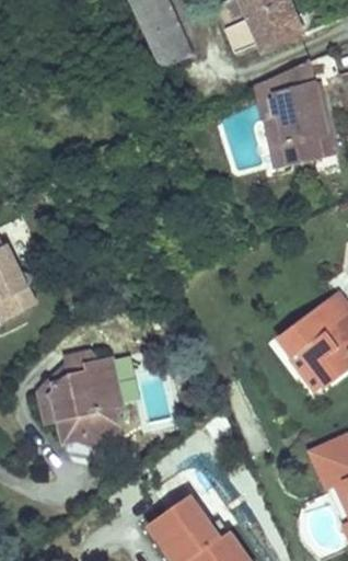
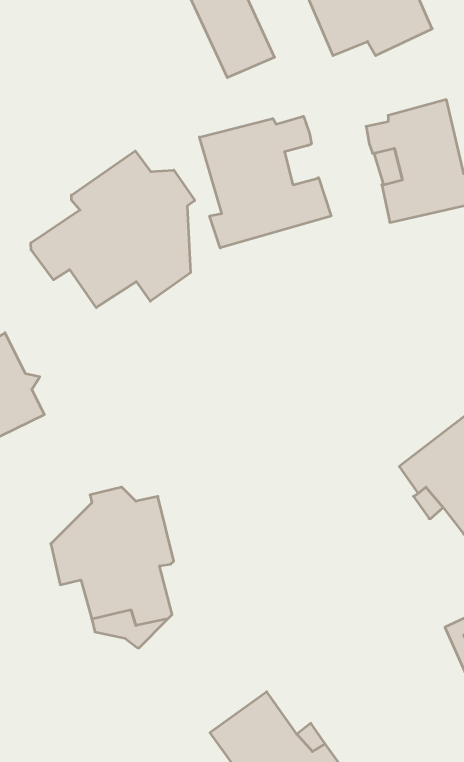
building: none -> [199,116,331,248]
building: none -> [31,151,195,308]

